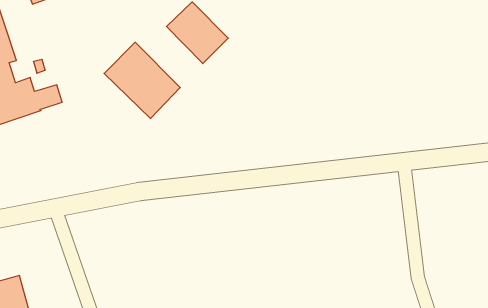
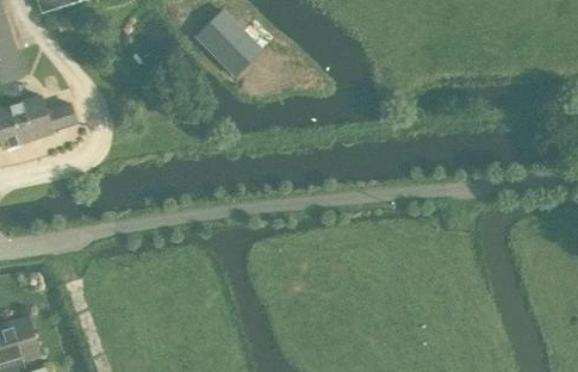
building: [104,42,180,119] -> none

